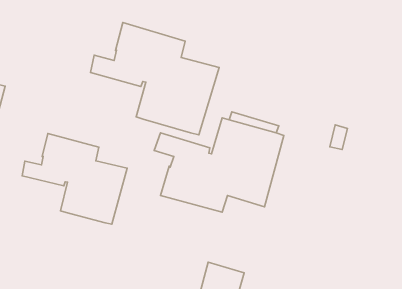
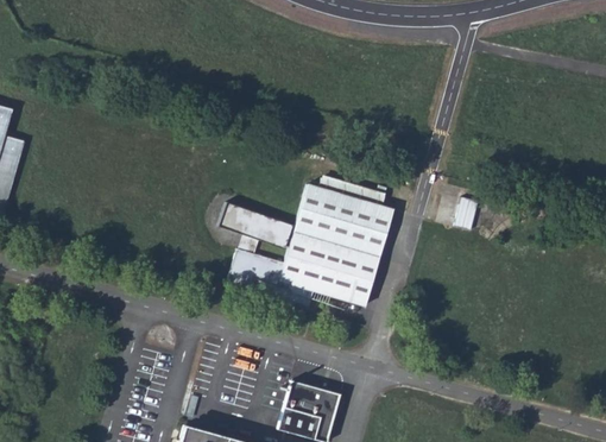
building: [90,22,219,135] -> none
building: [22,133,127,224] -> none

